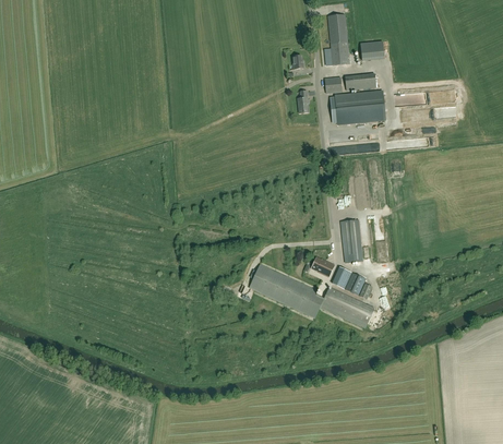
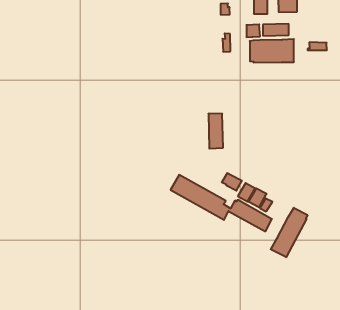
building: [342,220,362,263] -> [208,114,223,149]
building: none -> [271,208,307,257]

